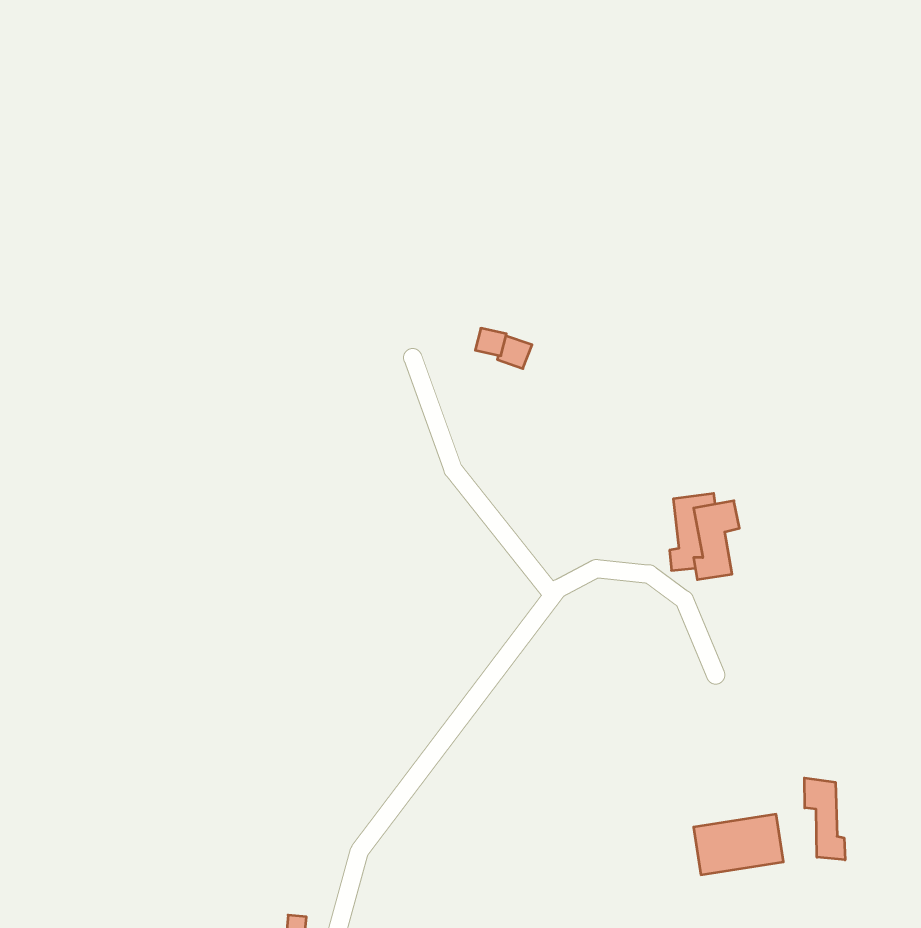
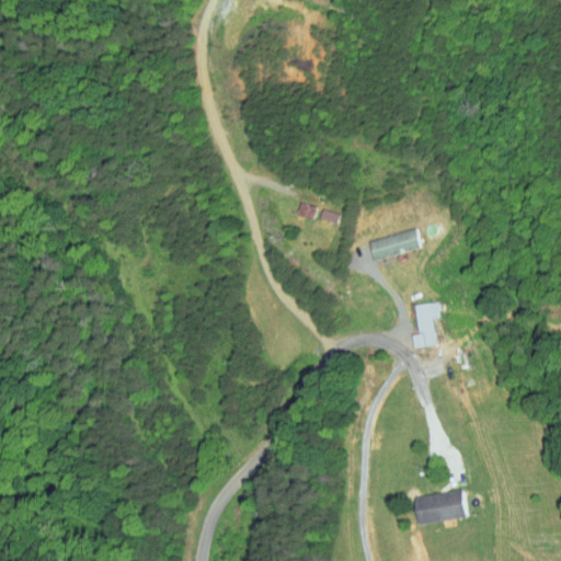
building: none -> [365,227,417,260]
building: [804,778,845,860] -> none

